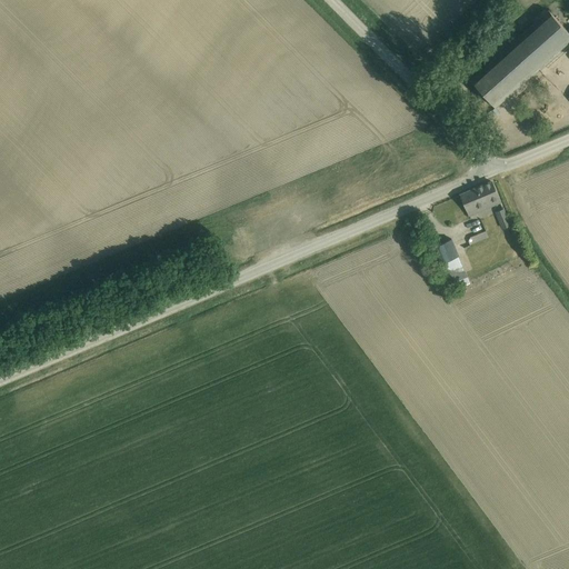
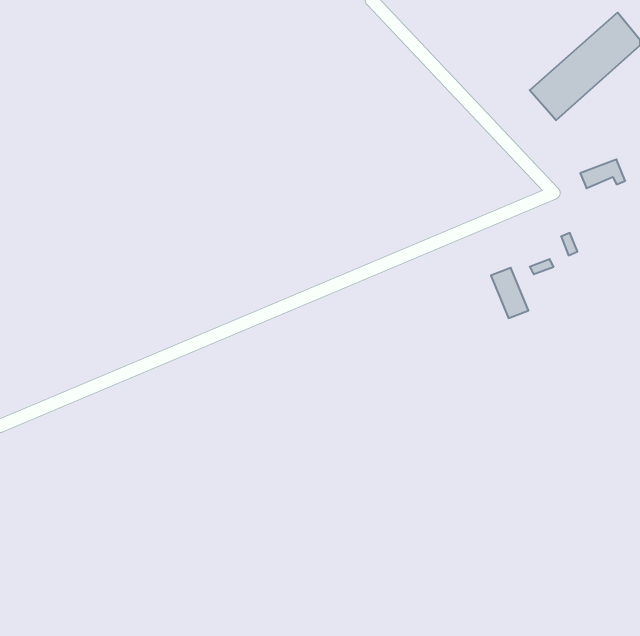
building: [462,184,502,210] -> [580,159,625,188]

